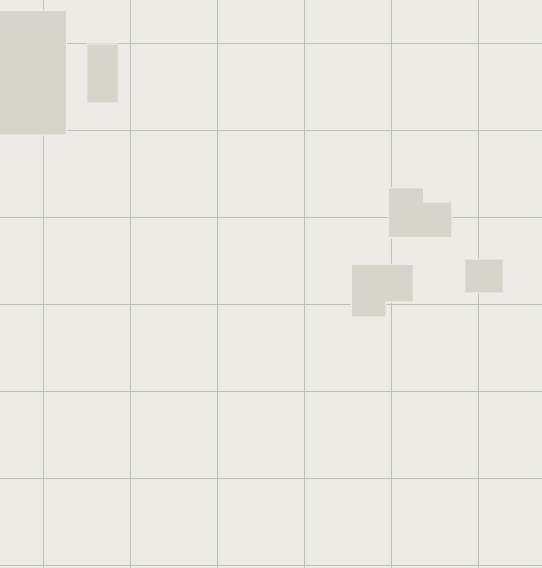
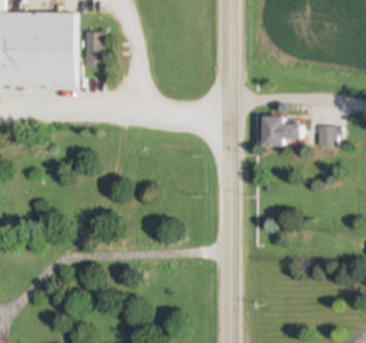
building: [464,259,503,293] -> [318,126,341,146]
building: [352,264,413,317] -> none

